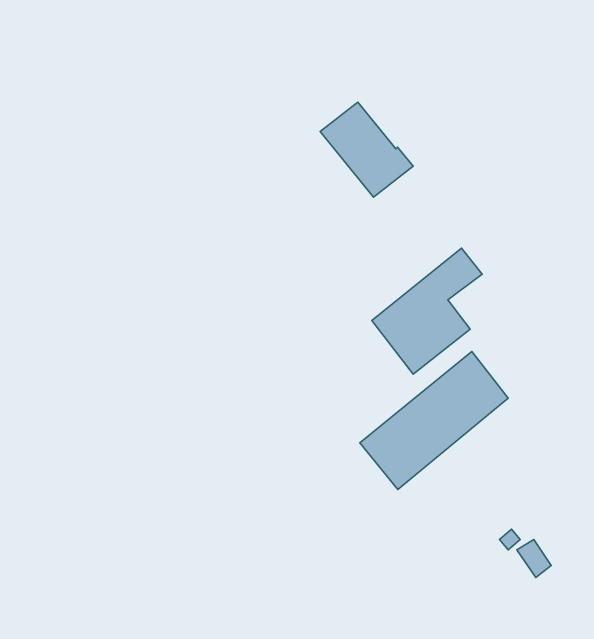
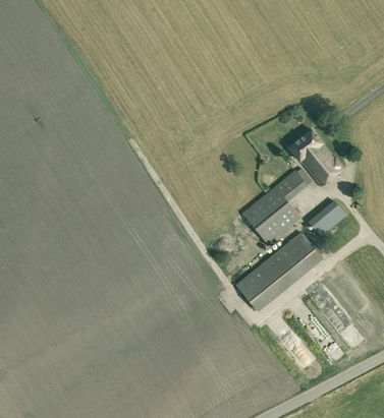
building: [320,102,413,197] -> [289,130,344,186]
building: none -> [308,200,346,237]

